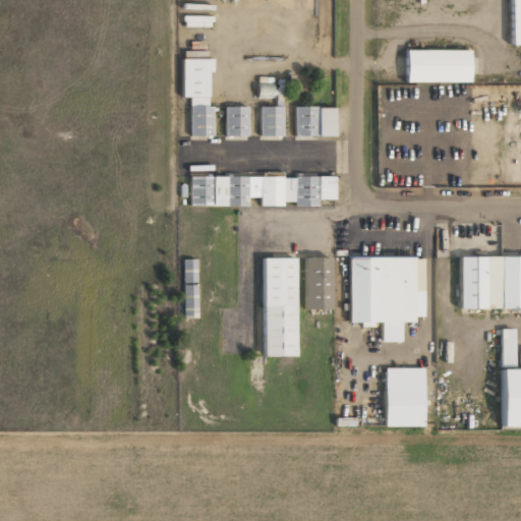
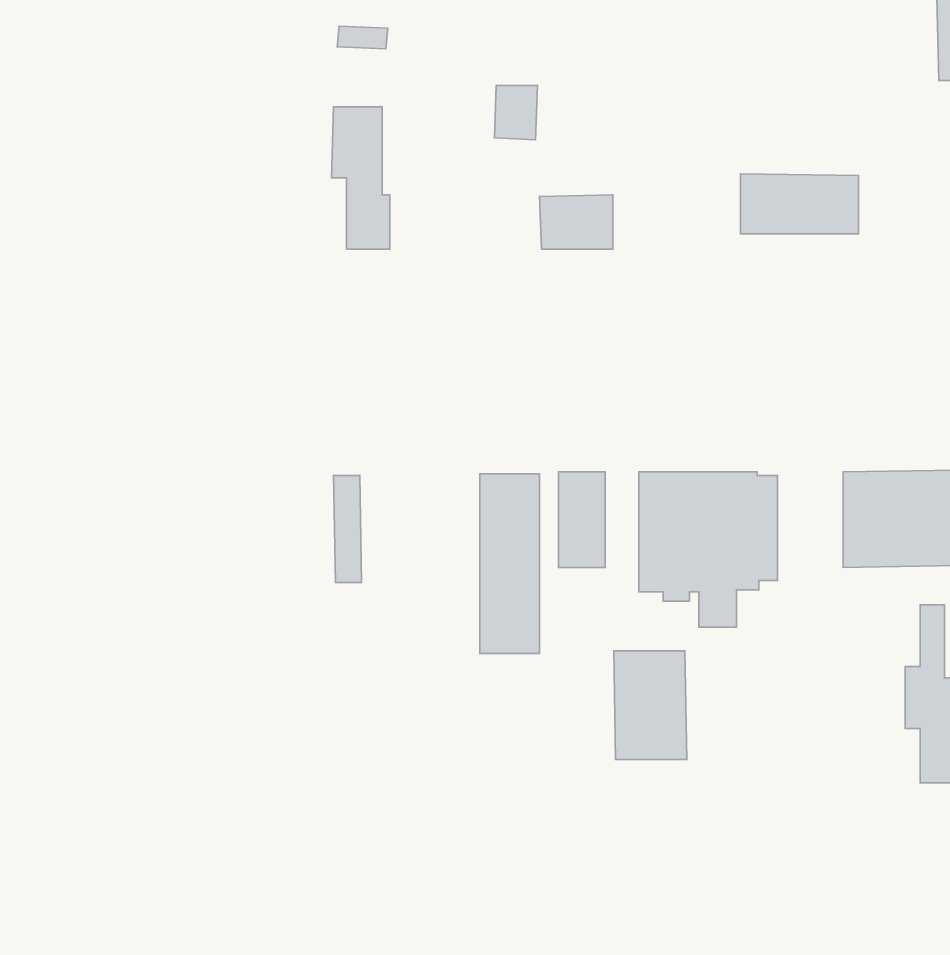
building: [408,49,472,81] -> [740,174,858,234]
building: [228,106,250,135] -> none
building: [263,106,286,135] -> [494,86,537,140]
building: [193,176,337,206] -> none
building: [387,366,426,425] -> [614,651,687,759]

